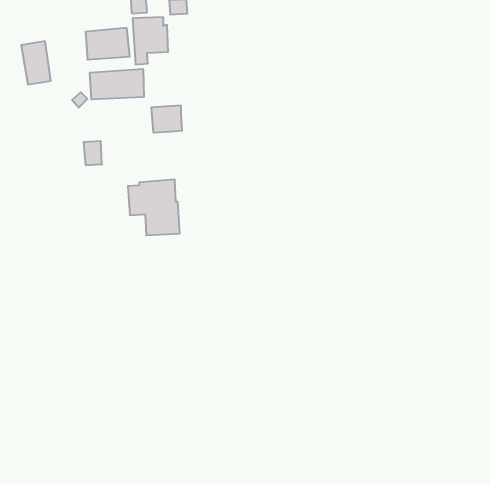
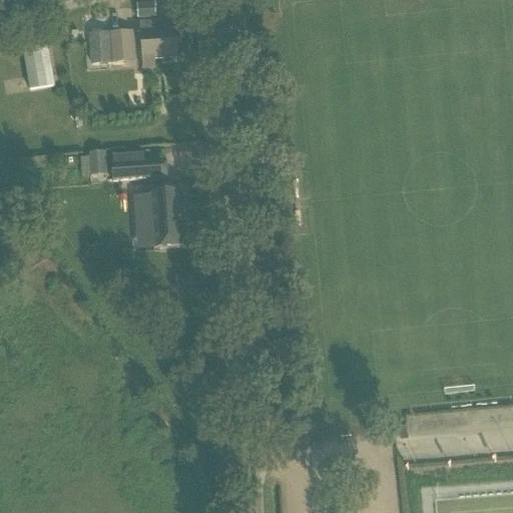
building: [90,69,144,100] -> none
building: [151,106,182,133] -> [112,149,144,177]

